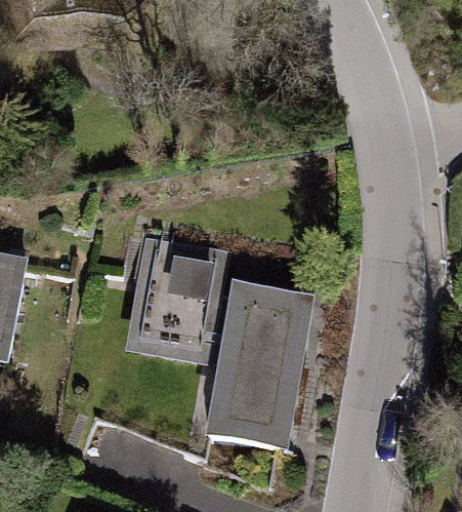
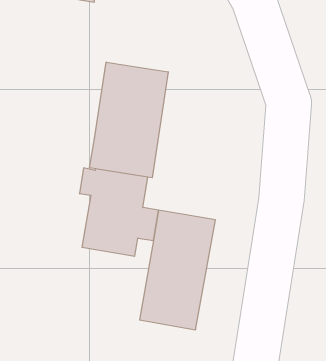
building: none -> [90,62,168,178]

